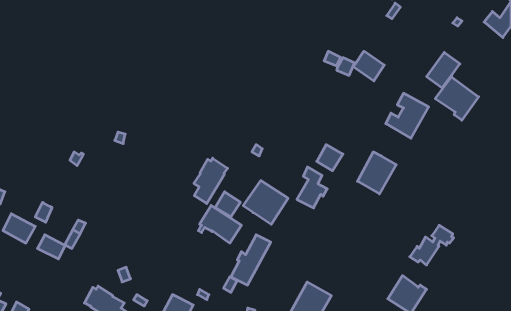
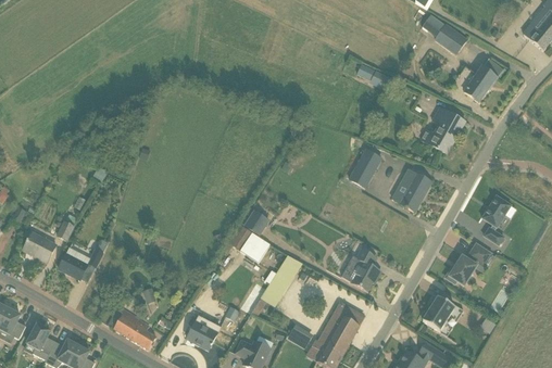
building: [353,52,384,81] -> [434,23,466,53]
building: [435,77,479,120] -> none
building: [194,158,228,204] -> none
building: [297,167,327,208] -> [350,248,381,290]
building: none -> [484,195,513,245]
building: [243,181,288,224] -> none

